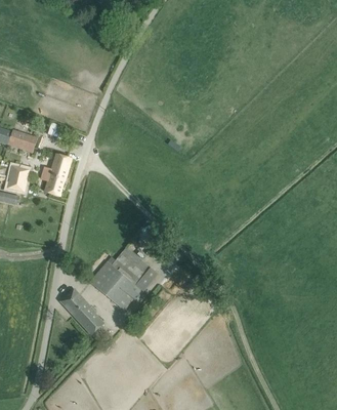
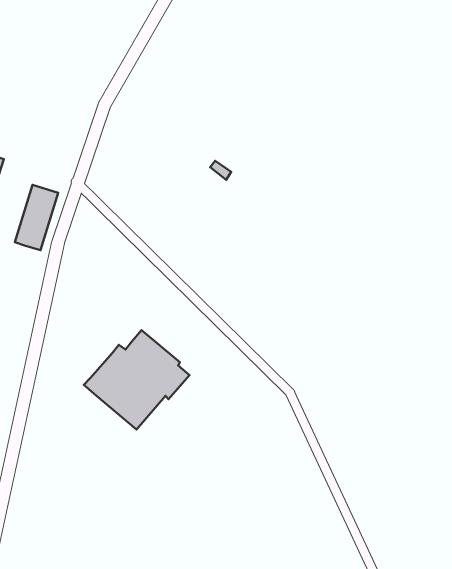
building: [60,289,103,335] -> none

